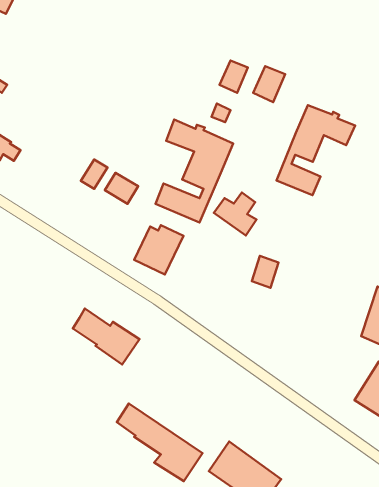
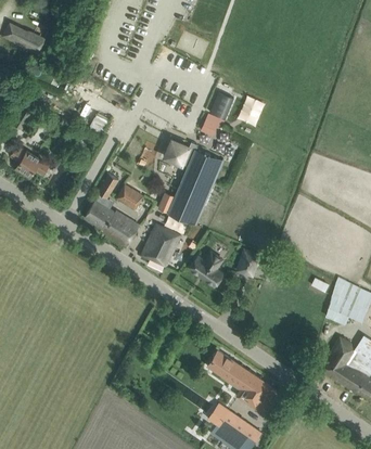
building: [276,105,355,195] -> none
building: [214,193,257,235] -> [189,252,223,286]
building: [73,308,140,365] -> [85,201,139,246]
building: [117,404,202,481] -> [207,349,277,412]

